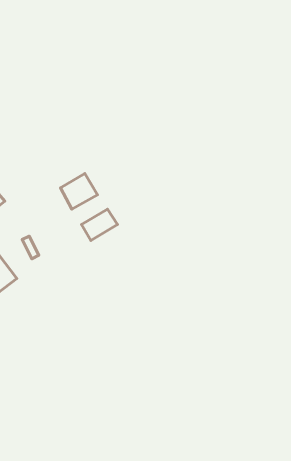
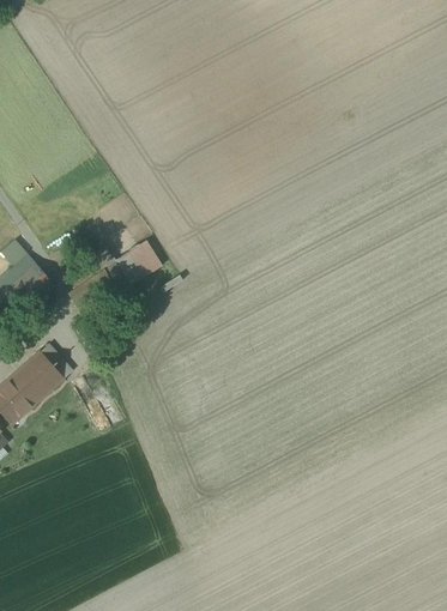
building: [82,209,118,241] -> none

